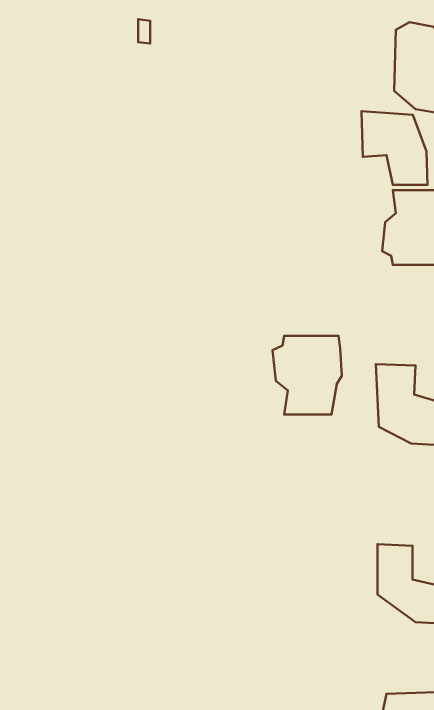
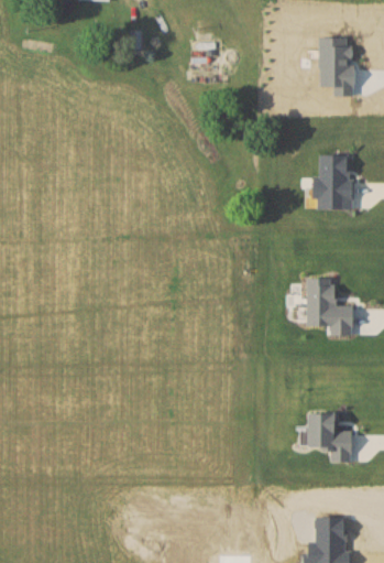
building: [362,111,428,185] -> none
building: [272,336,342,414] -> none

